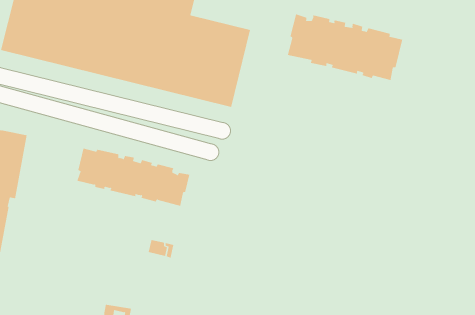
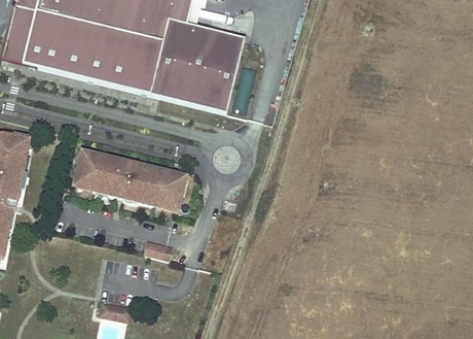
building: [287,14,403,81] -> none

